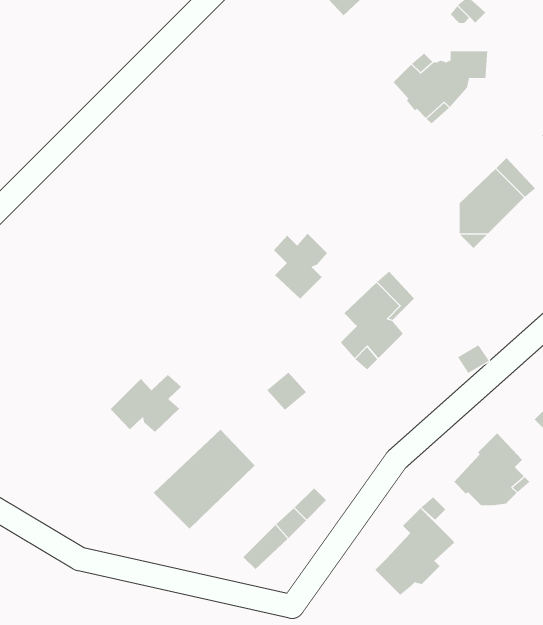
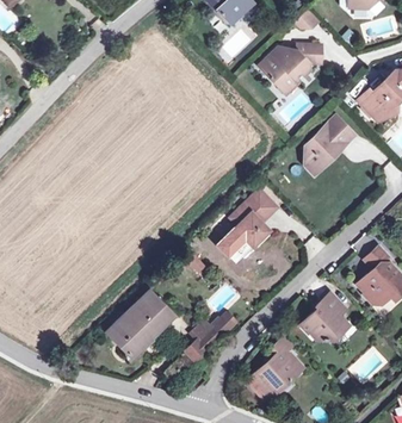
building: [273,233,328,299] -> none
building: [110,374,182,433] -> none

